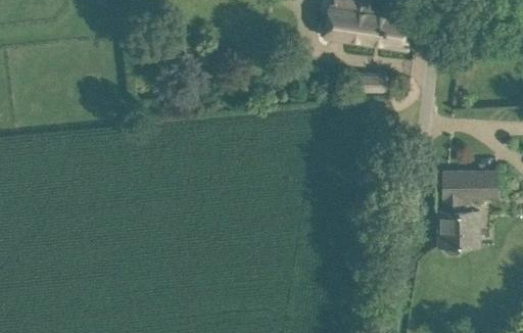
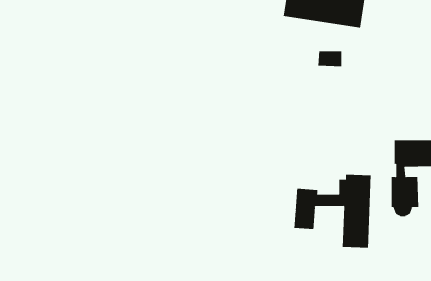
building: none -> [294,174,371,249]

